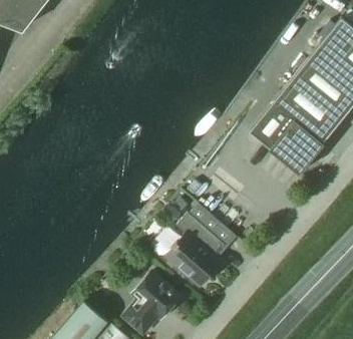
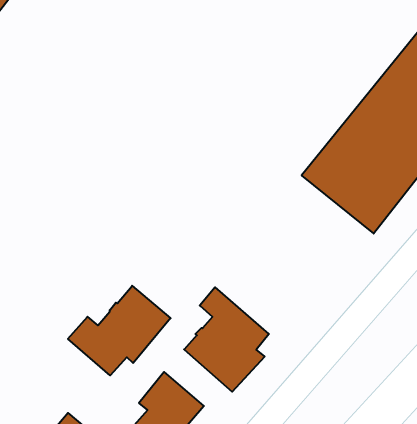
building: none -> [68,286,171,375]

